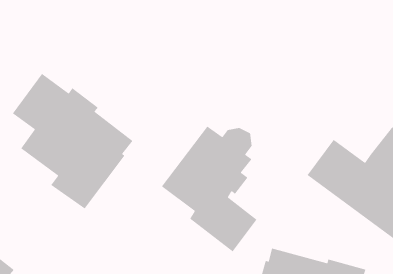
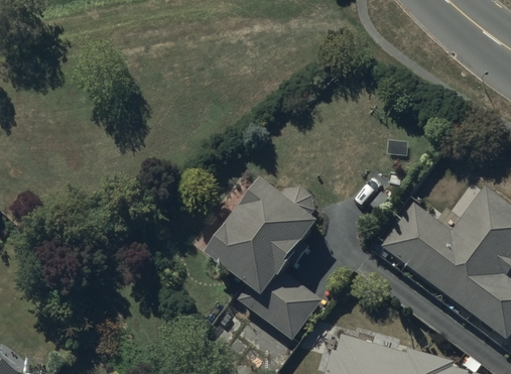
building: [12,73,134,209] -> none

